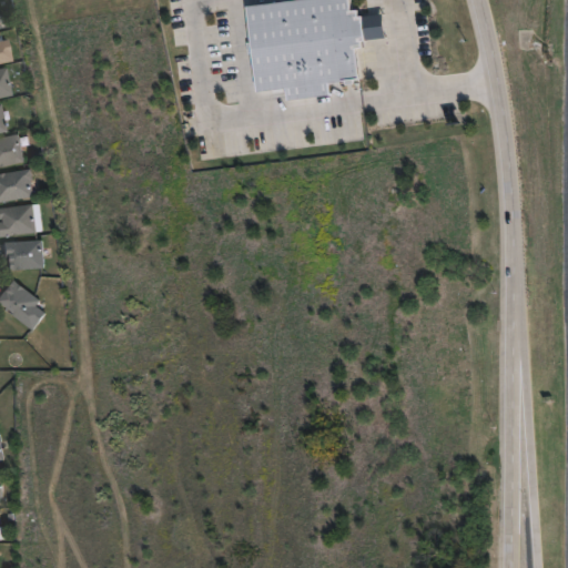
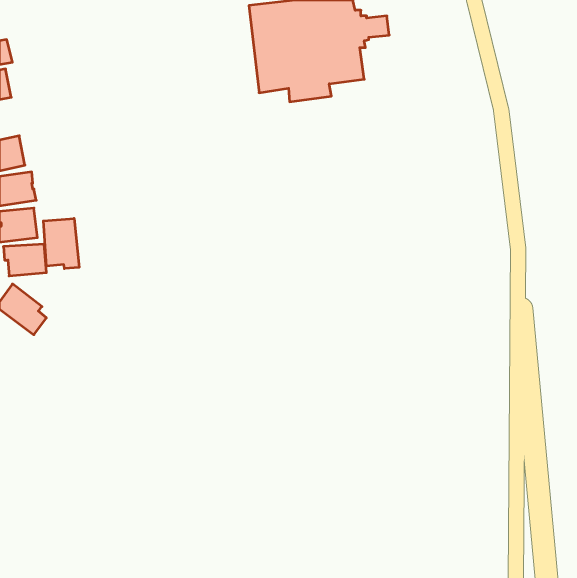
building: none -> [43,218,79,269]

